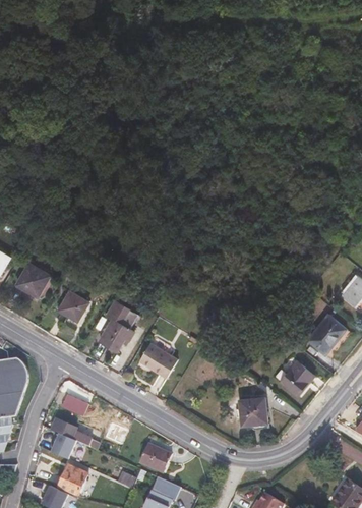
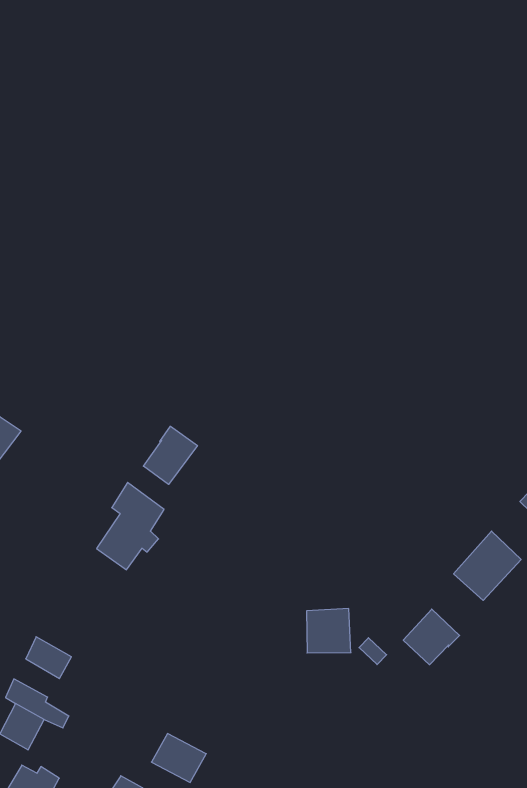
building: none -> [143,426,197,484]
building: [58,289,88,320] -> none
building: [138,342,177,377] -> none
building: [240,398,267,426] -> [307,609,351,653]

